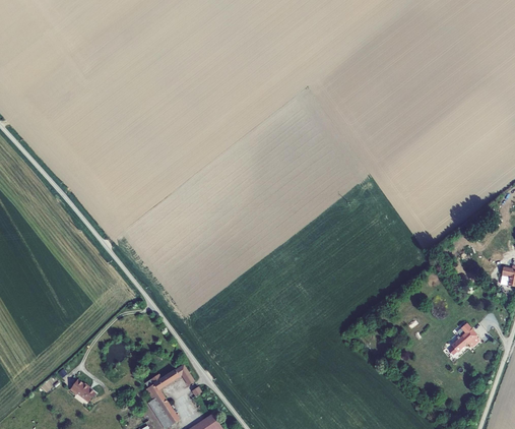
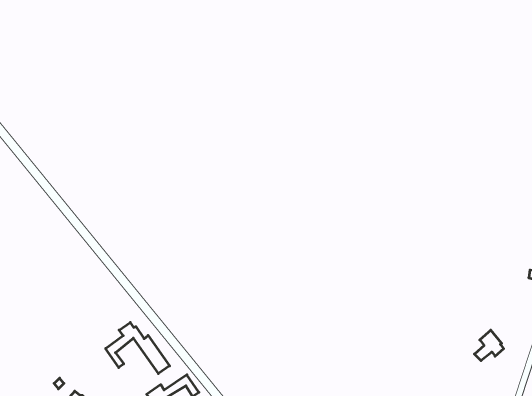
building: none -> [106,322,170,374]

